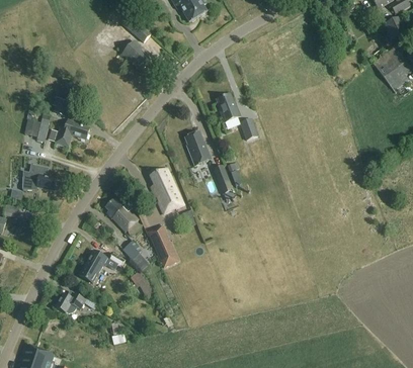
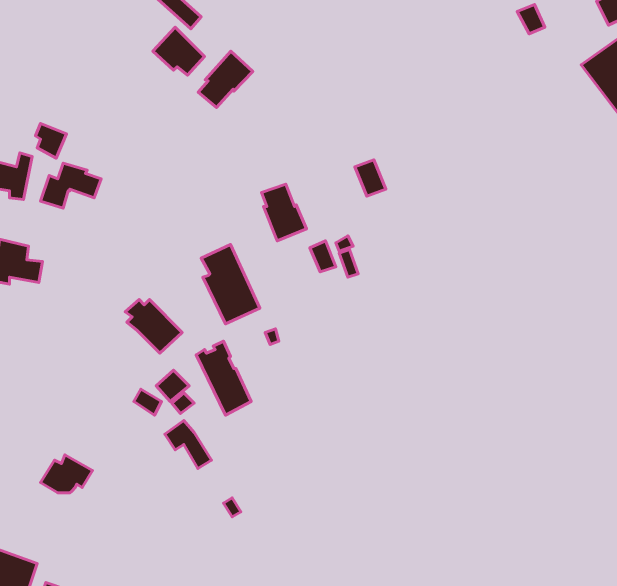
building: none -> [198,51,253,108]
building: [217,93,241,121] -> none
building: [79,250,107,282] -> none

